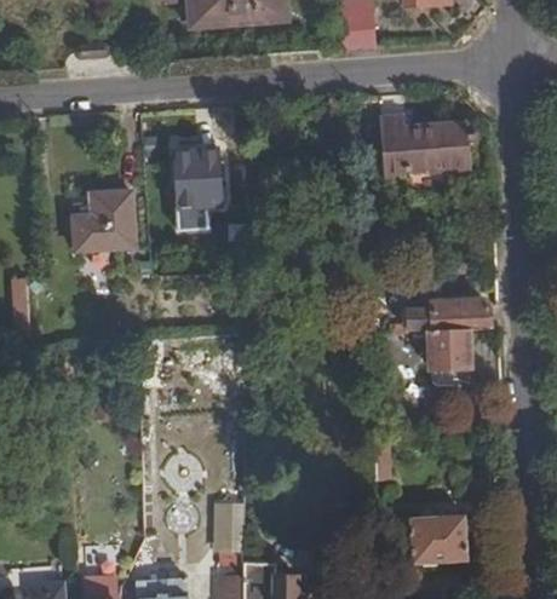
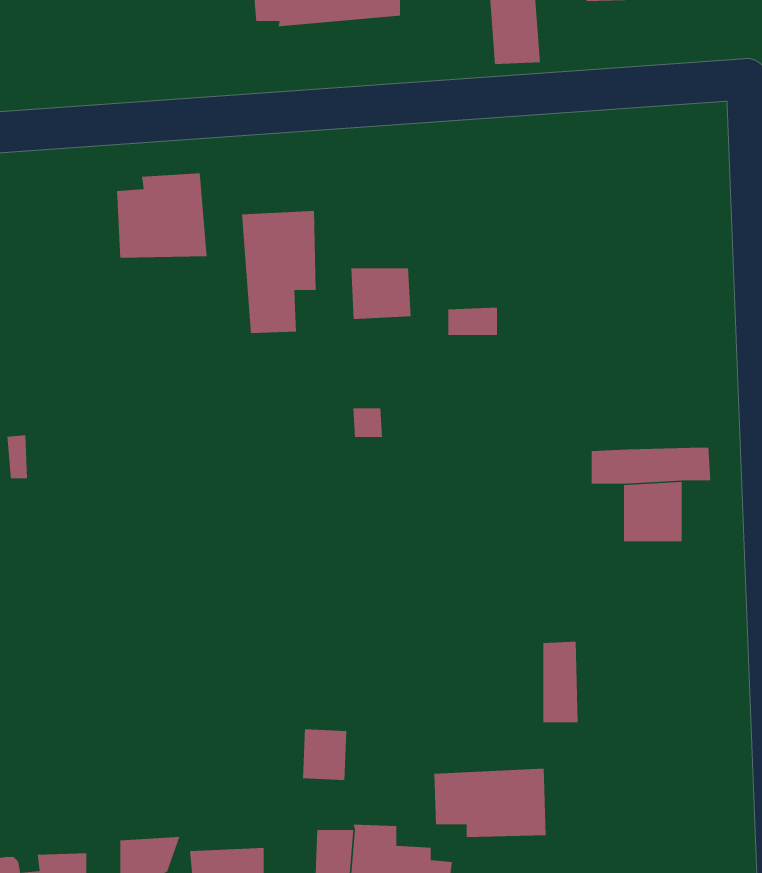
building: [380,121,470,175] -> none
building: none -> [350,268,411,320]
building: [74,190,136,248] -> [116,172,208,259]
building: [390,516,466,563] -> [433,768,546,838]

